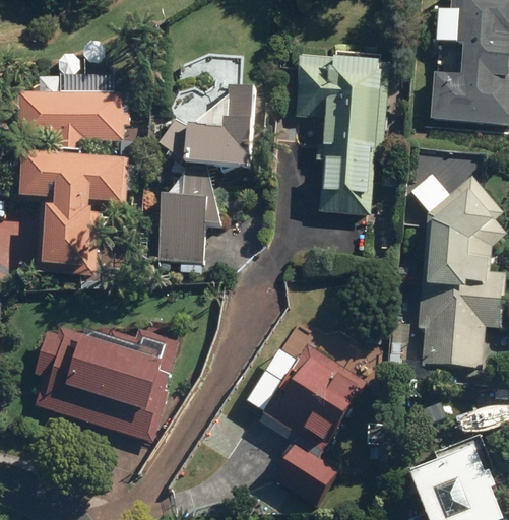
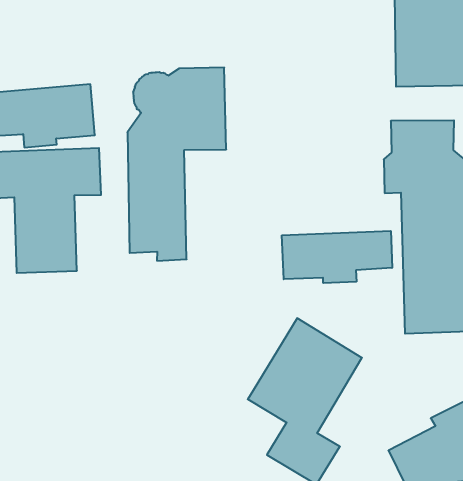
building: [296,48,389,216] -> none
building: none -> [282,231,392,283]
building: [36,325,178,439] -> none

